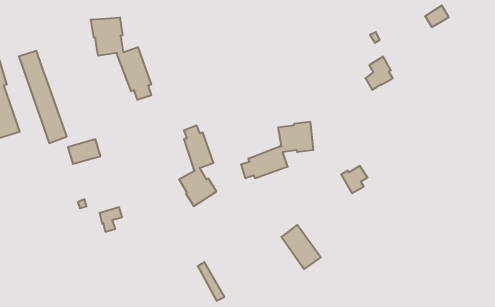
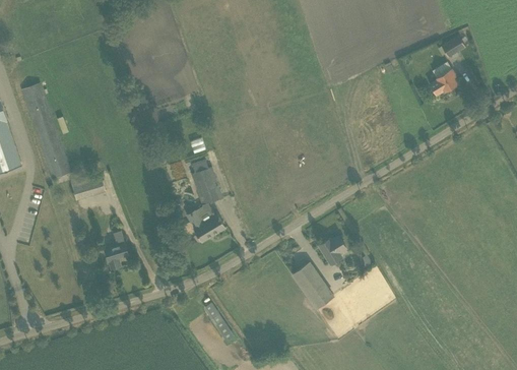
building: [91,17,151,100] -> none
building: [365,56,393,90] -> [428,61,456,96]
building: [241,122,313,178] -> none
building: [341,166,368,193] -> [318,235,345,263]

